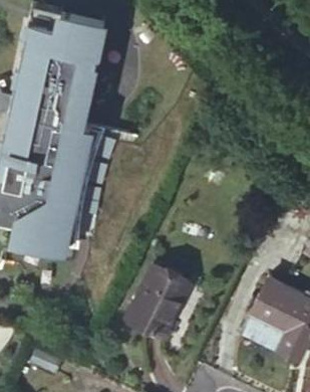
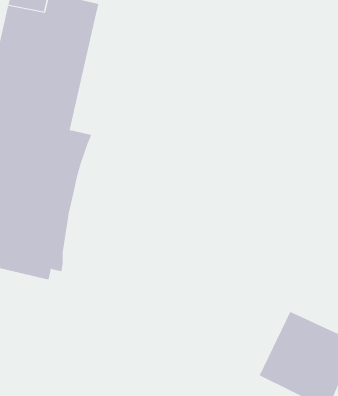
building: [126,267,190,340] -> none

